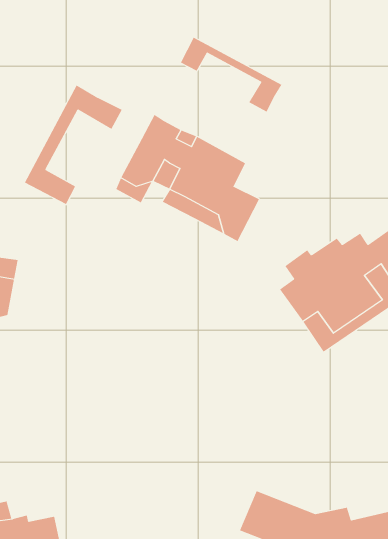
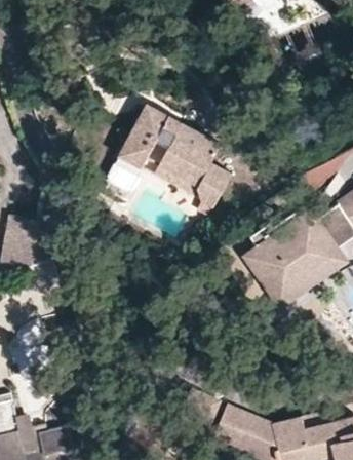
building: [180,37,282,113] -> none
building: [24,85,122,205] -> none

